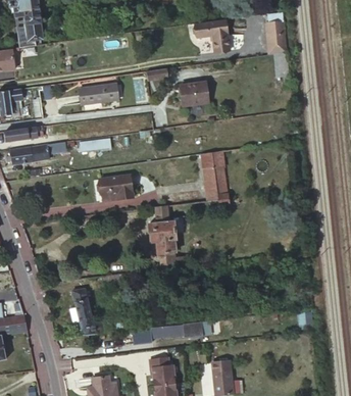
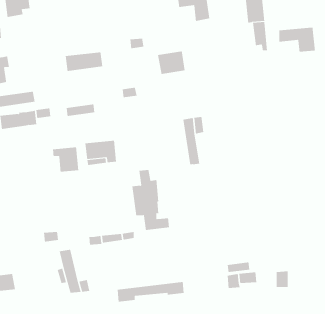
building: none -> [279,27,316,53]
building: [211,167,229,206] -> none
building: none -> [52,147,79,172]

